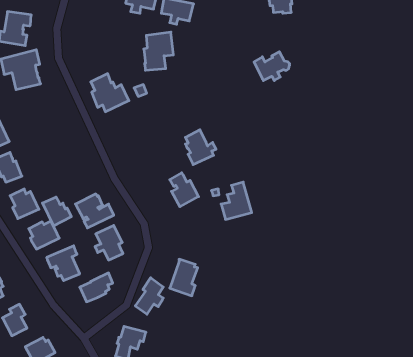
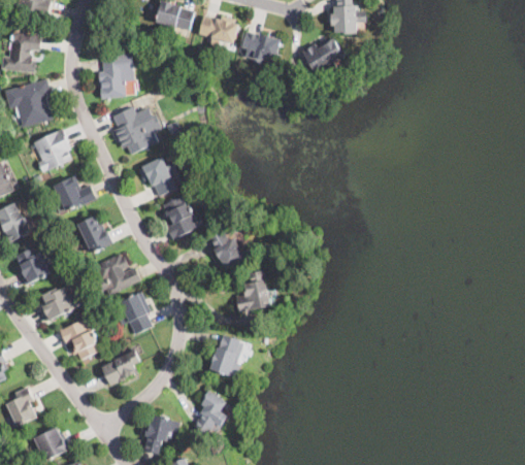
building: none -> [242,31,281,60]
building: [144,32,173,70] -> [99,52,135,98]
building: [254,52,290,81] -> [302,37,346,72]
building: none -> [33,128,72,171]
building: none -> [139,157,178,195]
building: none -> [54,175,97,210]
building: [185,130,216,165] -> [164,196,201,238]
building: [221,182,252,219] -> [235,269,272,314]
building: [42,197,71,226] -> [77,217,112,252]
building: [135,278,163,314] -> [192,391,226,435]

